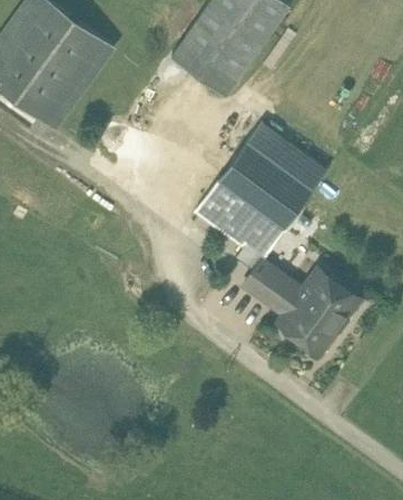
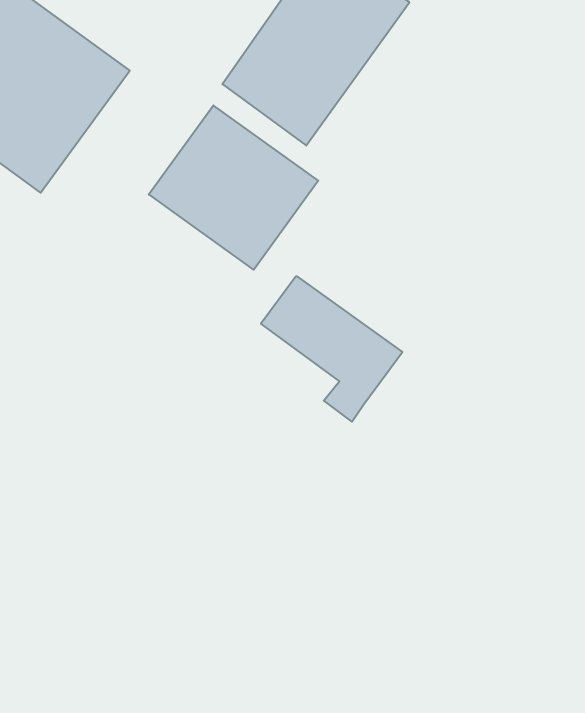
building: [218,124,326,228] -> [149,105,318,270]
building: [242,262,355,352] -> none

